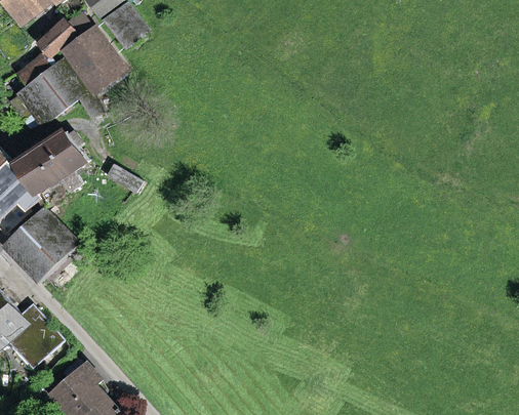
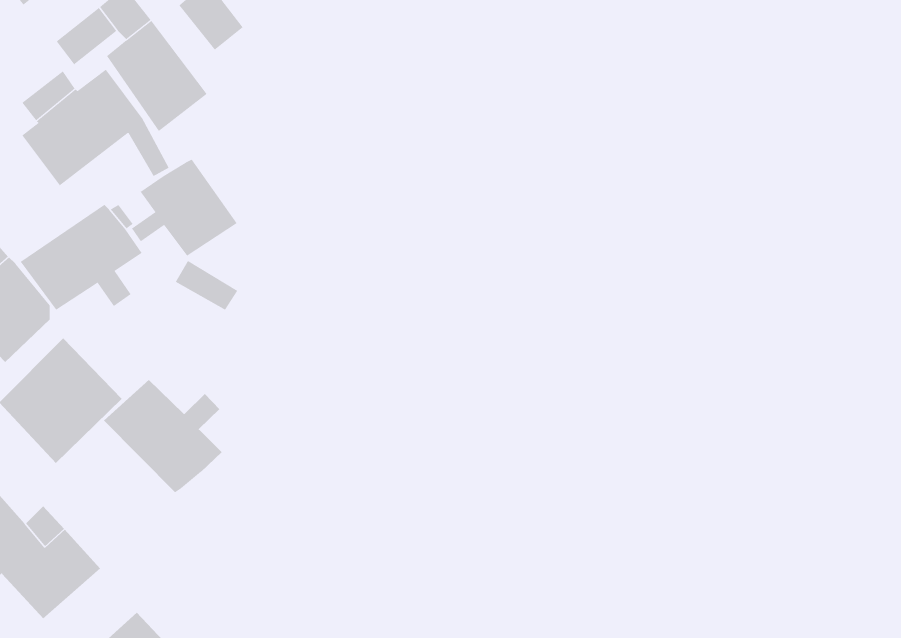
building: none -> [131,159,237,256]
building: none -> [103,379,222,493]

